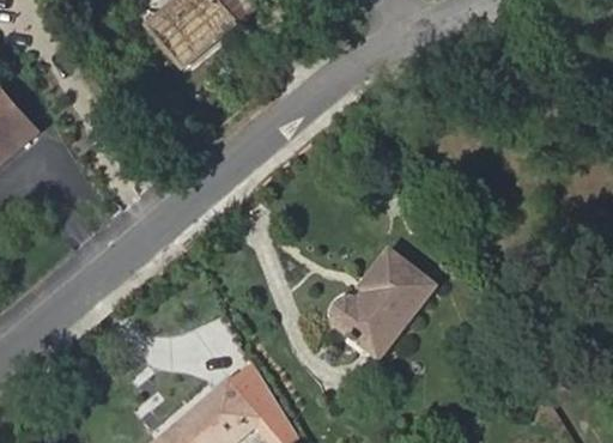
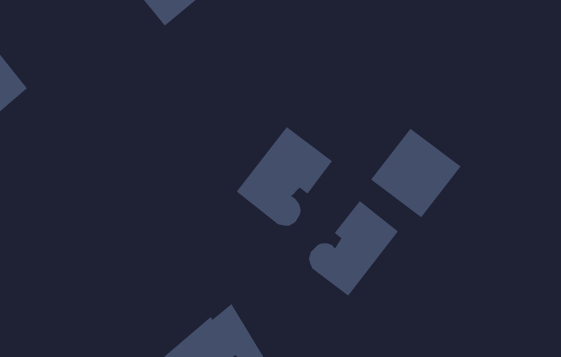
building: none -> [236,126,333,226]
building: none -> [370,128,462,218]

